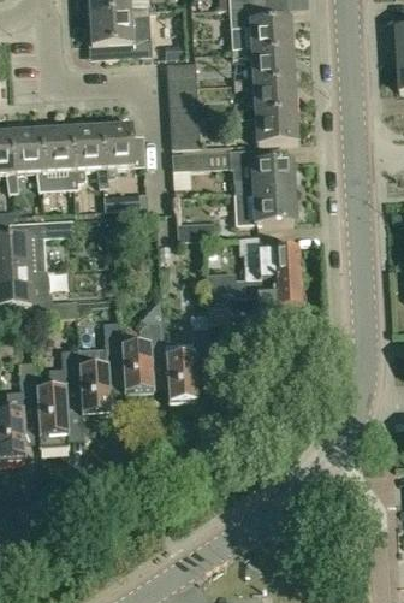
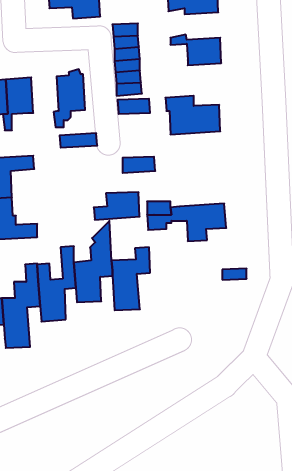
building: [232,43,293,81] -> none
building: [236,105,297,142] -> none
building: [66,124,102,187] -> none
building: [236,189,295,224] -> none
building: [244,246,298,278] -> [94,192,140,220]

